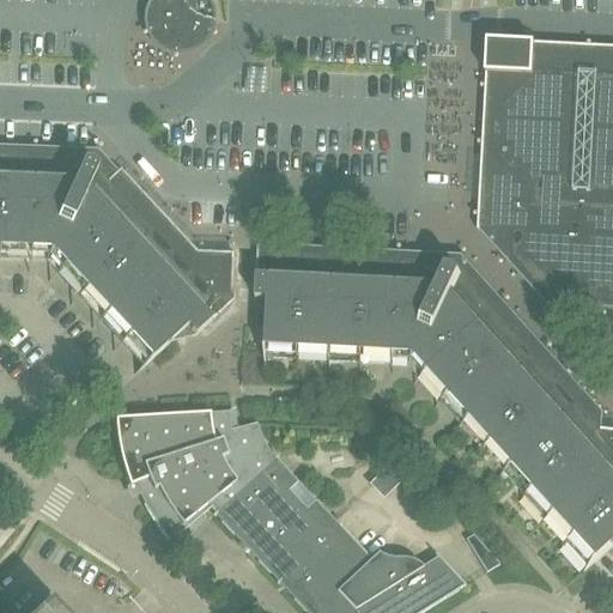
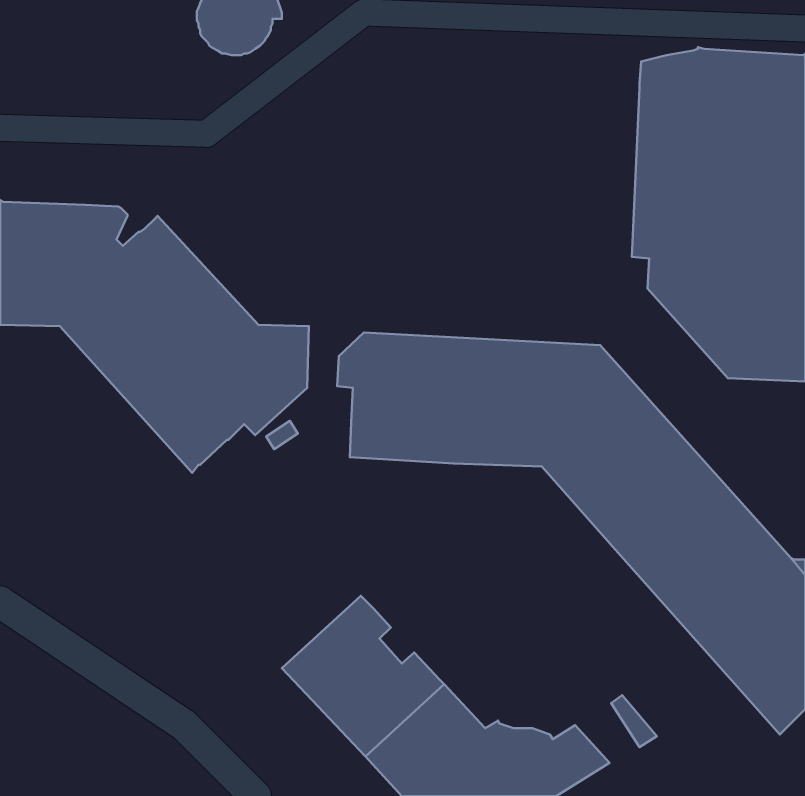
building: [114,395,274,536] -> none

